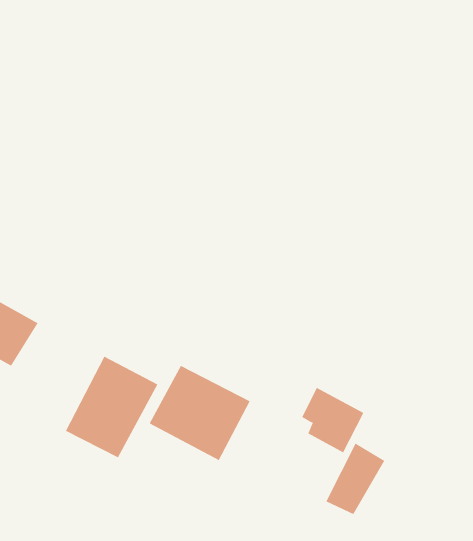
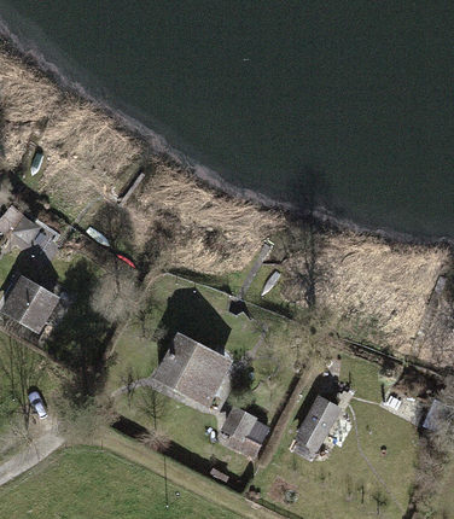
building: [65,356,158,458] -> none
building: [302,387,364,453] -> [221,407,272,460]

